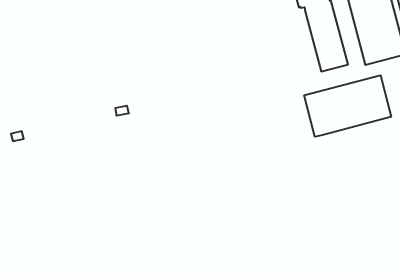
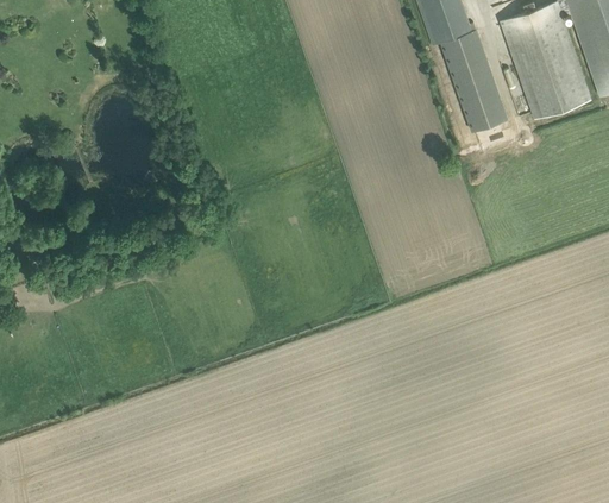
building: [304,75,391,137] -> none

